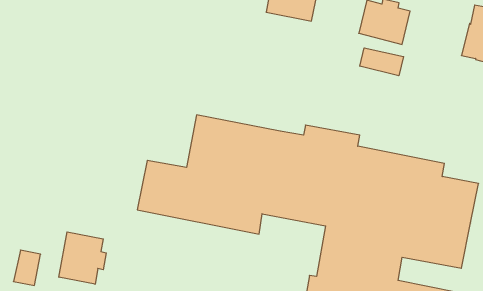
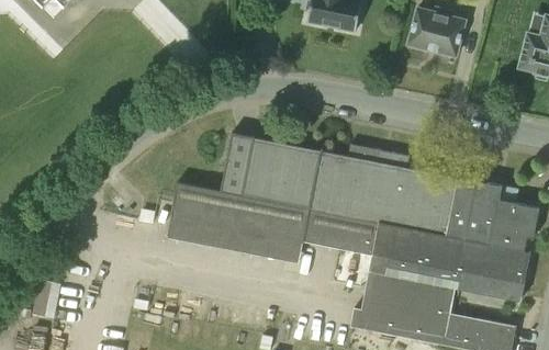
building: [360,48,404,76] -> none
building: [59,232,106,284] -> none

